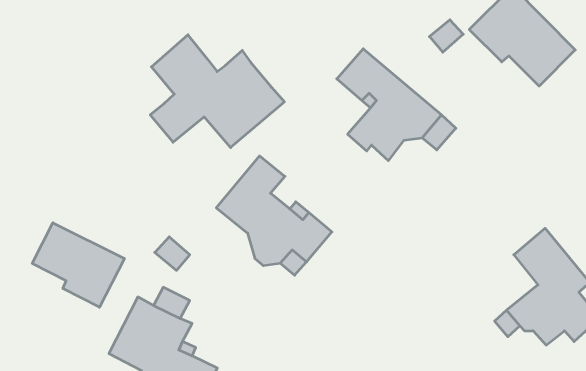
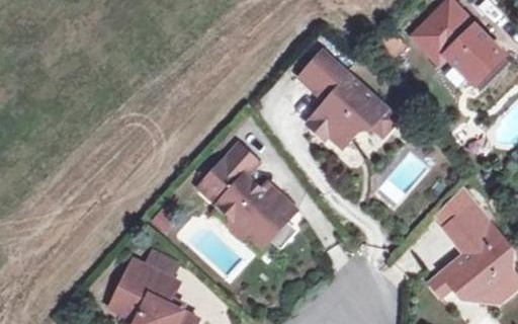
building: [150,35,284,148] -> none
building: [32,223,124,307] -> none

